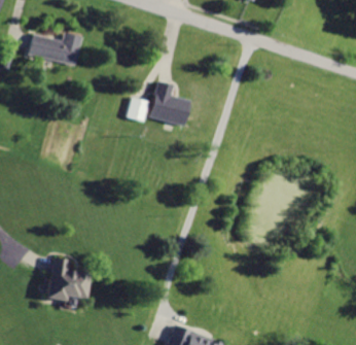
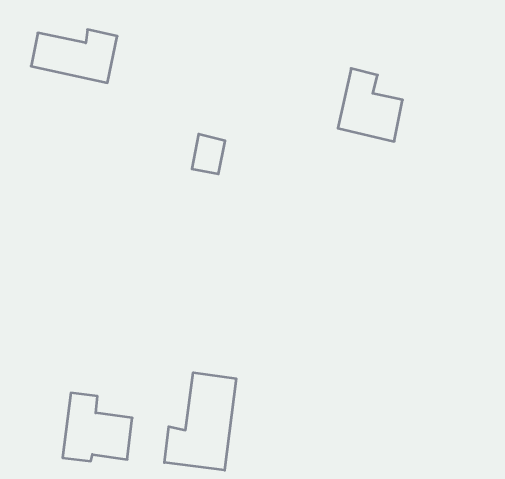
building: [150,81,190,127] -> [338,68,403,141]
building: none -> [164,373,236,470]

